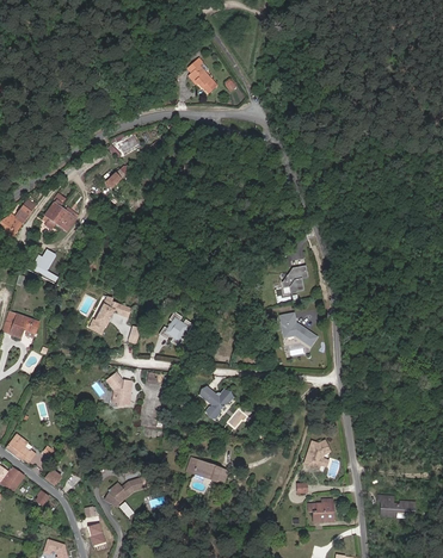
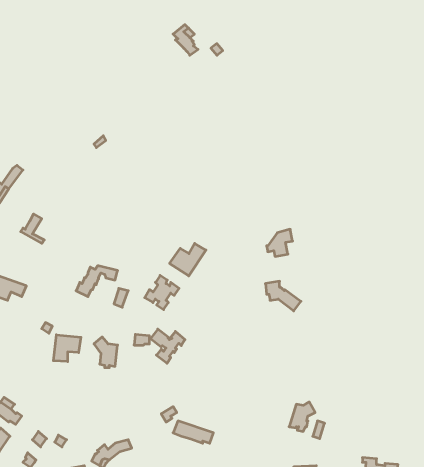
building: [43,194,78,230] -> none
building: none -> [170,243,206,276]
building: none -> [53,335,81,362]
building: [199,386,234,421] -> [151,329,185,363]

